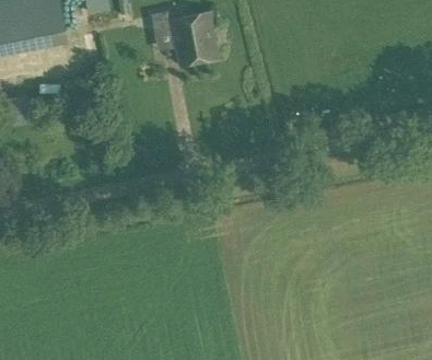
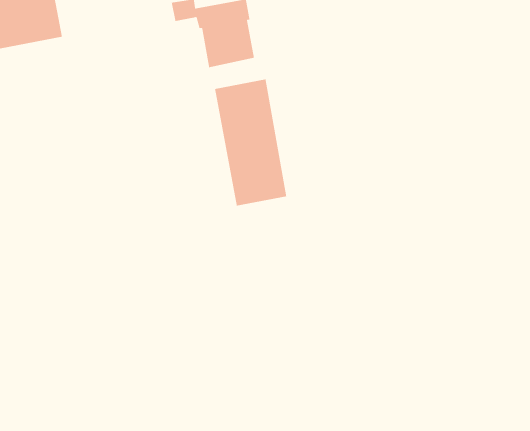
building: none -> [214,79,287,206]

